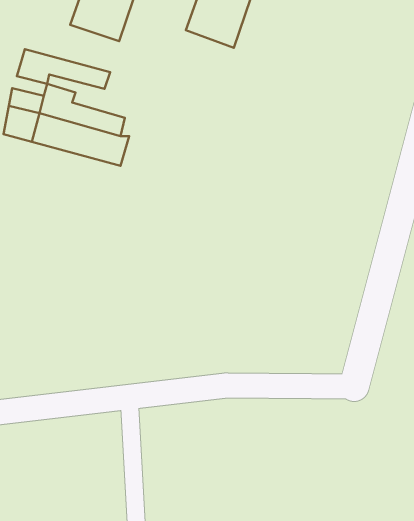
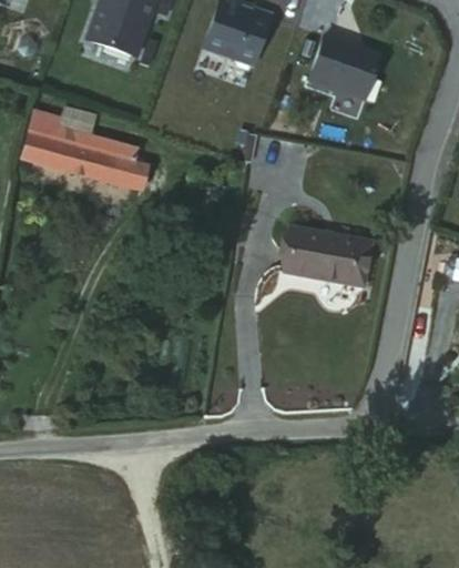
building: none -> [306,41,377,106]
building: [17,49,110,89] -> none
building: none -> [288,222,375,280]

